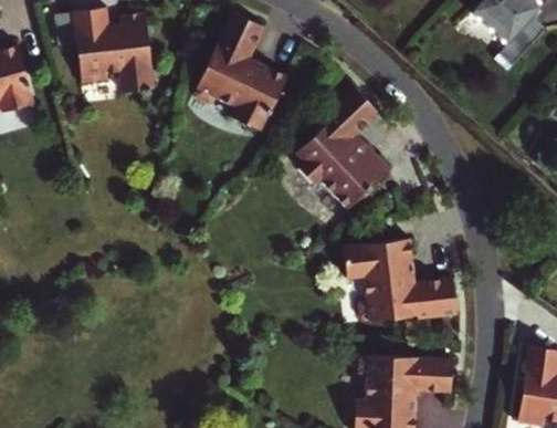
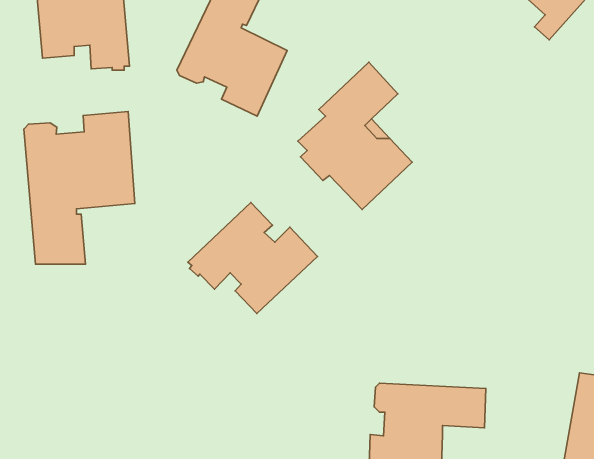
building: none -> [24,111,135,264]
building: none -> [188,202,317,314]
building: [344,239,458,322] -> none

